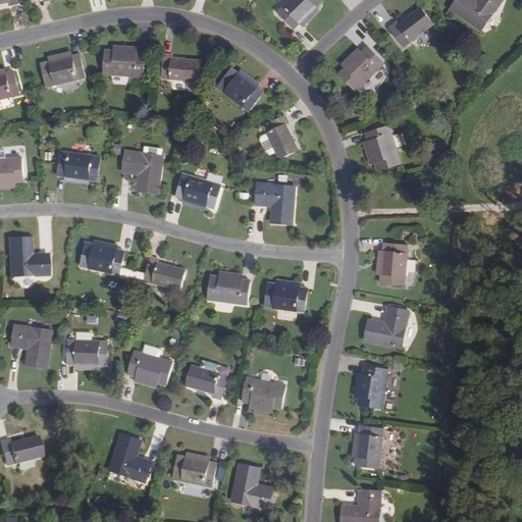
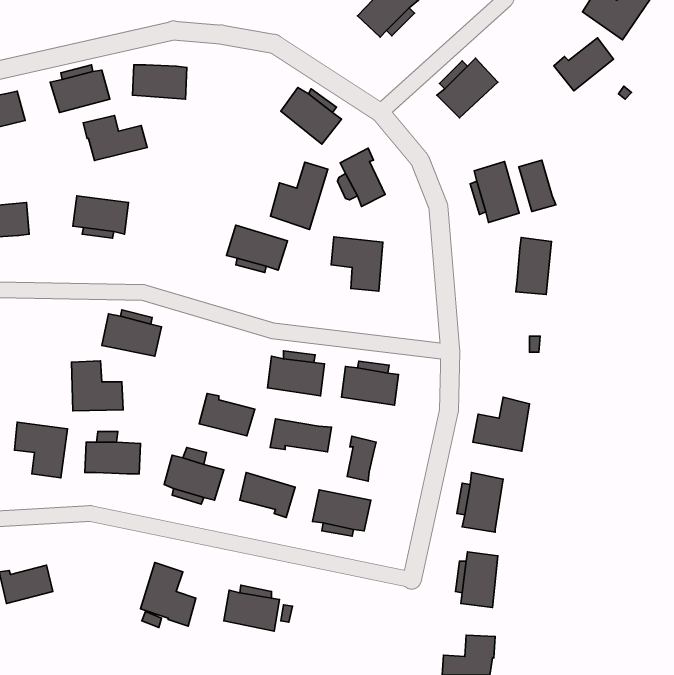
building: [386,6,432,47] -> [554,38,614,91]
building: [160,53,201,81] -> none
building: none -> [83,115,147,161]
building: none -> [519,160,556,212]
building: none -> [270,162,328,229]
building: [121,151,162,193] -> none
building: [7,238,47,276] -> [71,361,123,411]
building: [379,242,407,285] -> [516,238,552,295]
building: [143,257,186,290] -> [199,393,255,436]
building: none -> [270,419,332,452]
building: none -> [347,436,376,481]
building: [231,464,272,509] -> none

